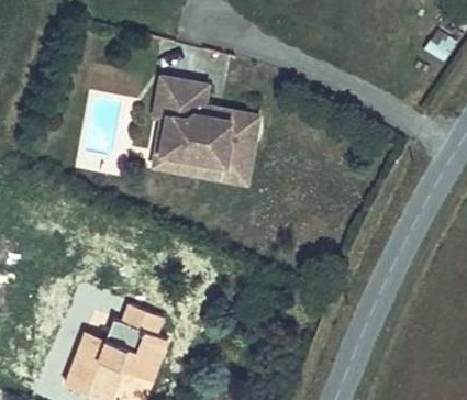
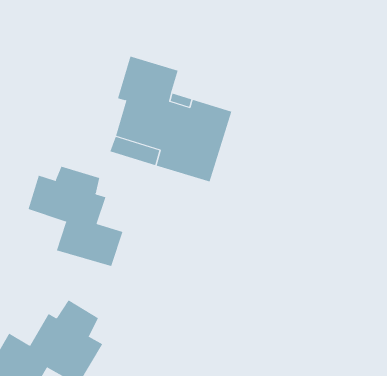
building: none -> [28,166,123,267]

